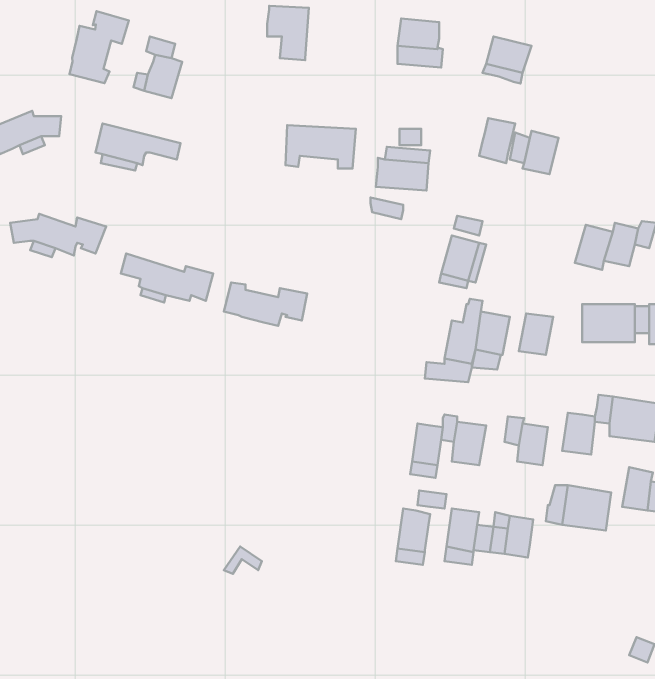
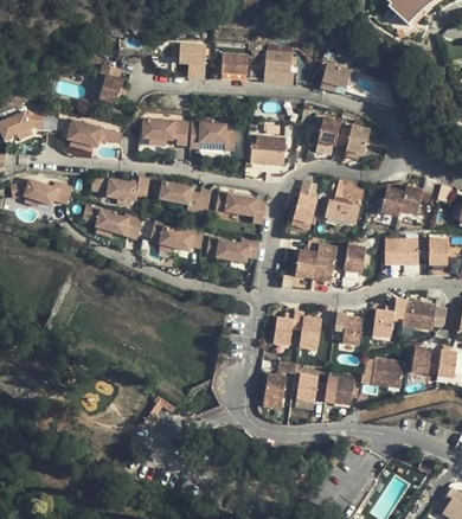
building: [70,11,129,83] -> none
building: none -> [220,53,248,79]
building: none -> [142,118,188,145]
building: none -> [91,175,149,200]
building: none -> [159,182,210,216]
building: none -> [325,182,364,223]
building: none -> [216,191,268,225]
building: none -> [206,237,261,263]

